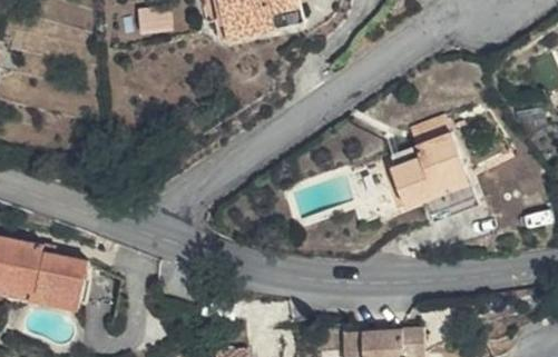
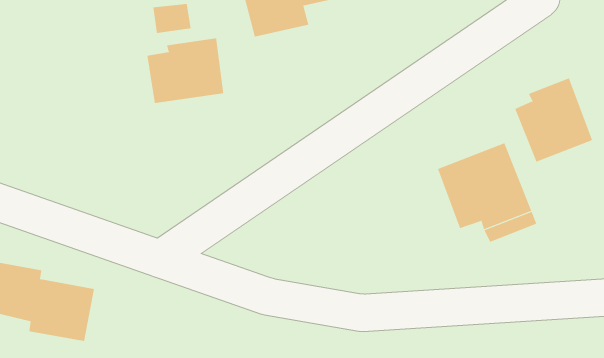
building: none -> [147,38,224,104]
building: none -> [514,77,593,162]

